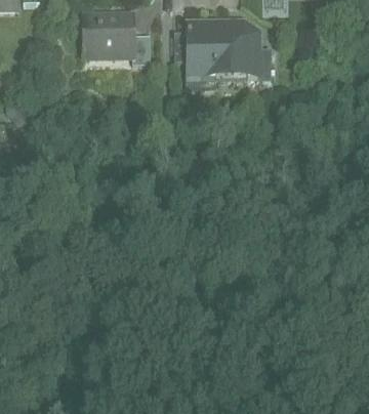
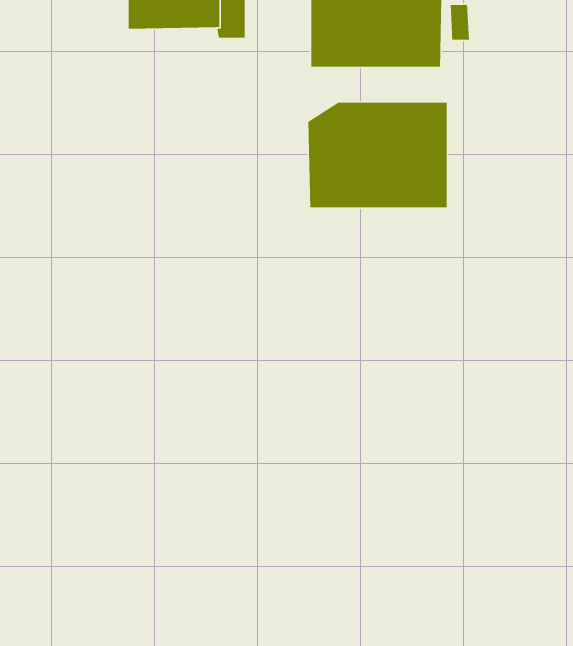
building: none -> [308,102,448,208]

